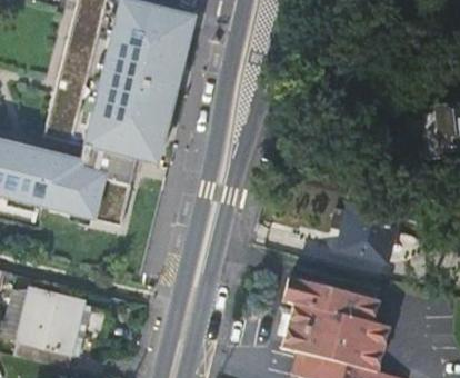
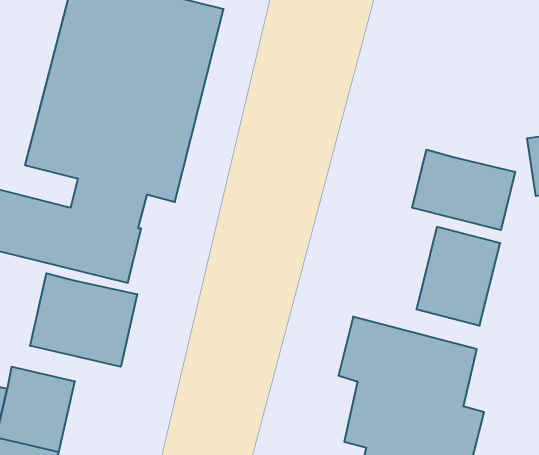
building: none -> [412,150,515,230]
building: none -> [30,273,137,367]

